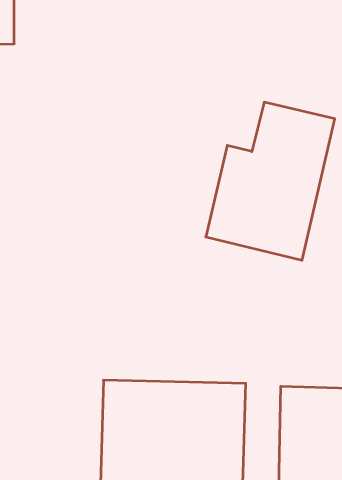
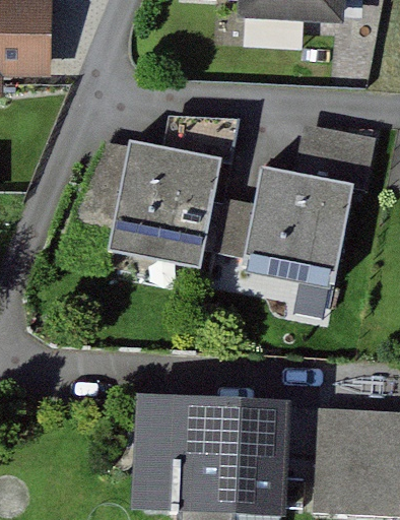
building: none -> [102,111,230,267]

